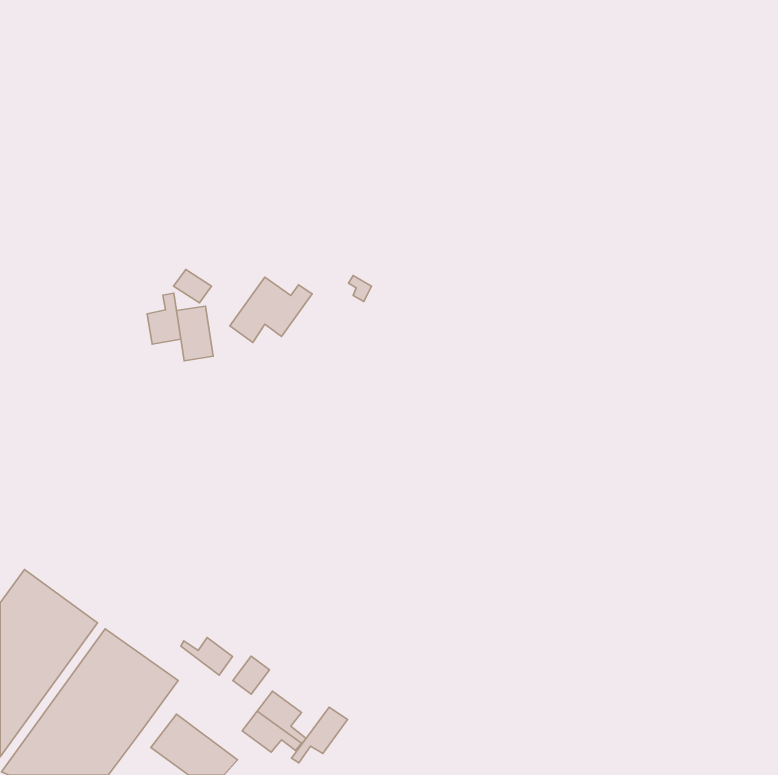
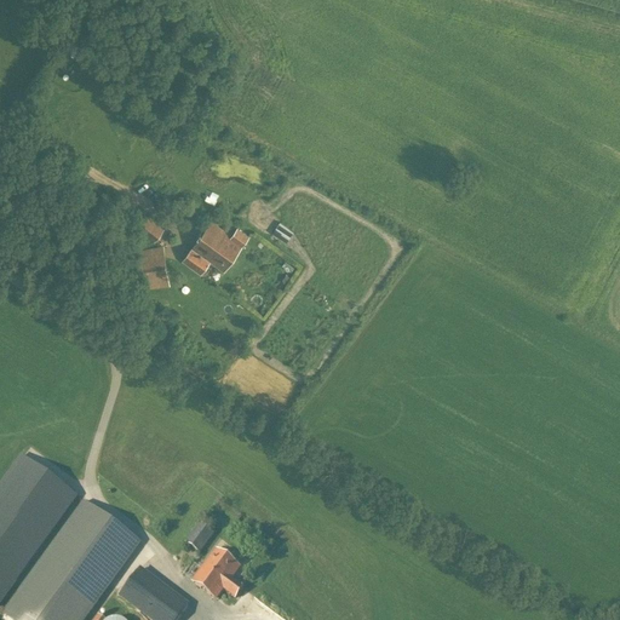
building: [147,293,181,344] -> none
building: [181,638,233,675] -> none
building: [291,707,348,763] -> none

